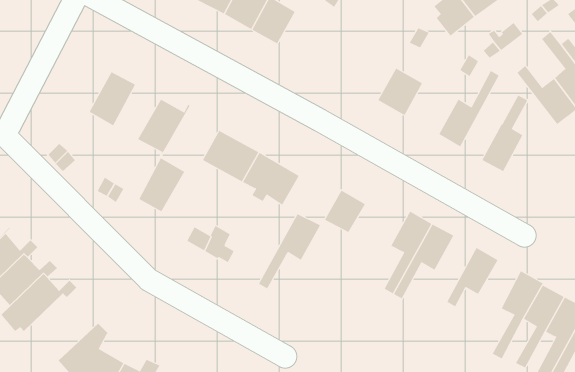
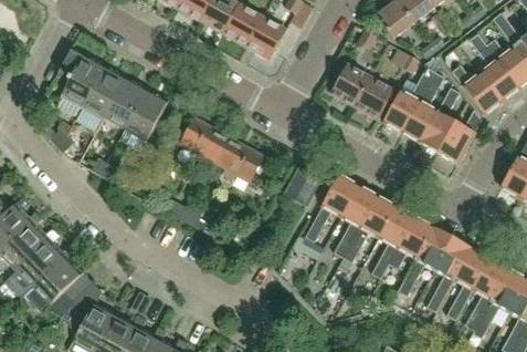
building: none -> [245,17,285,58]
building: none -> [57,46,104,102]
building: none -> [401,71,443,143]
building: none -> [354,77,392,118]
building: none -> [438,110,479,163]
building: [138,158,185,212] -> [106,79,146,125]
building: [258,214,321,289] -> [305,176,358,240]
building: none -> [372,207,414,278]
building: none -> [398,227,452,294]
building: none -> [27,257,93,313]

